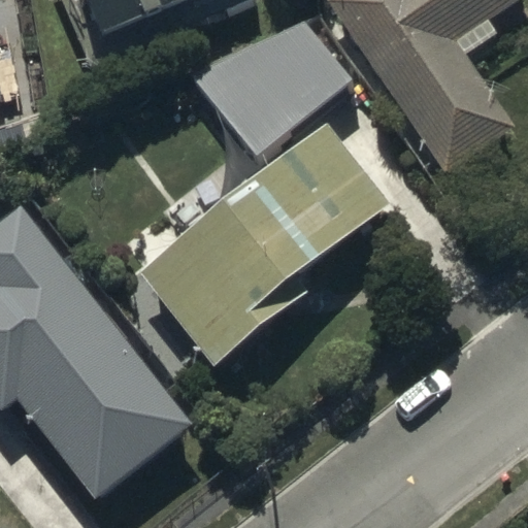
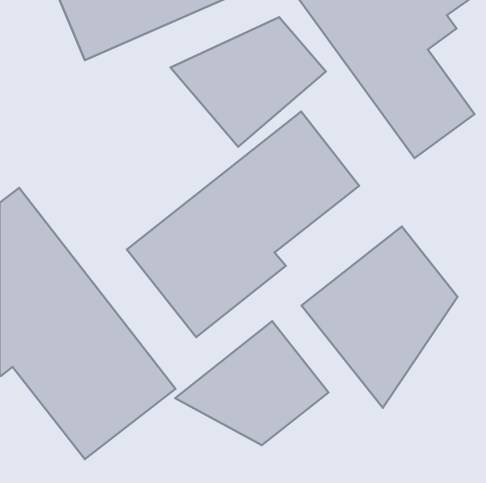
building: none -> [301,226,458,408]
building: none -> [175,321,329,445]

